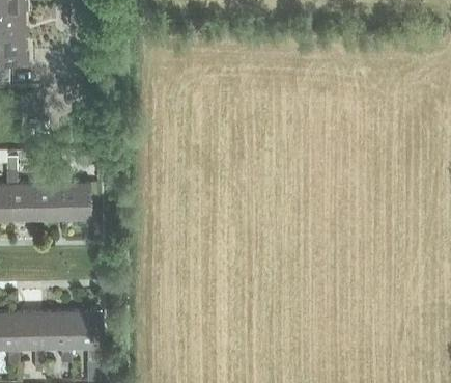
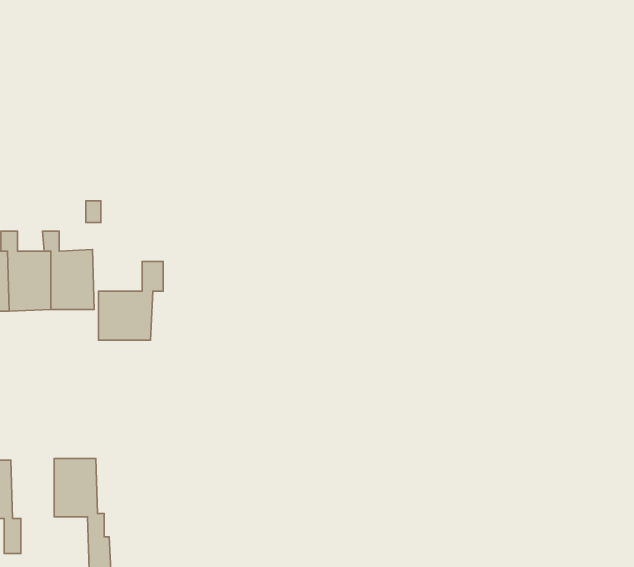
building: none -> [99,262,163,340]
building: [39,312,72,372] -> none

